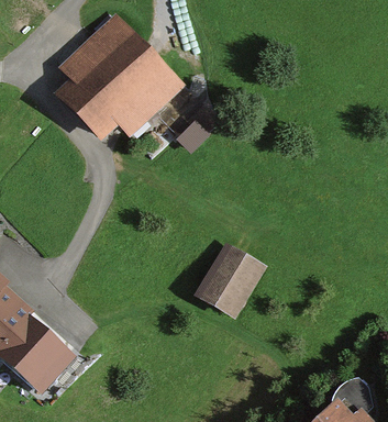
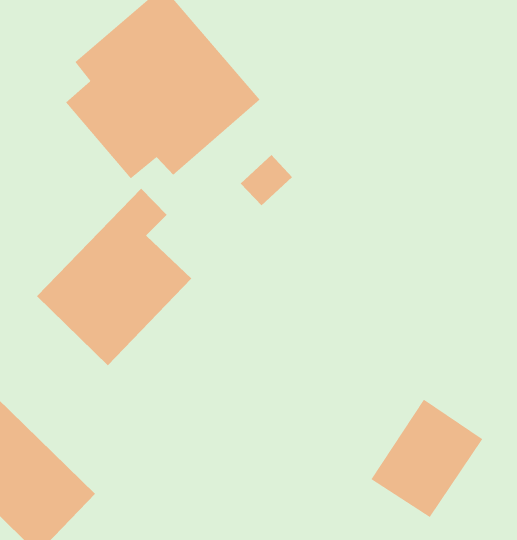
building: none -> [36,188,192,366]
building: [191,241,265,320] -> [370,399,483,518]

